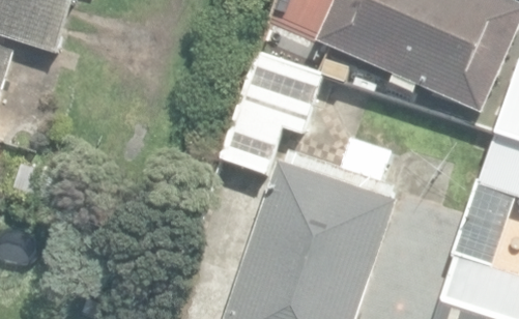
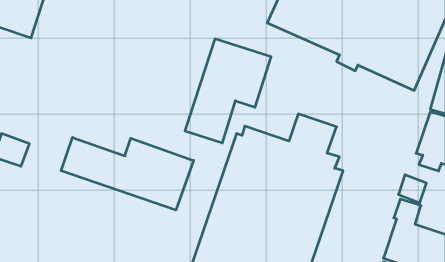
building: none -> [61,137,194,210]

